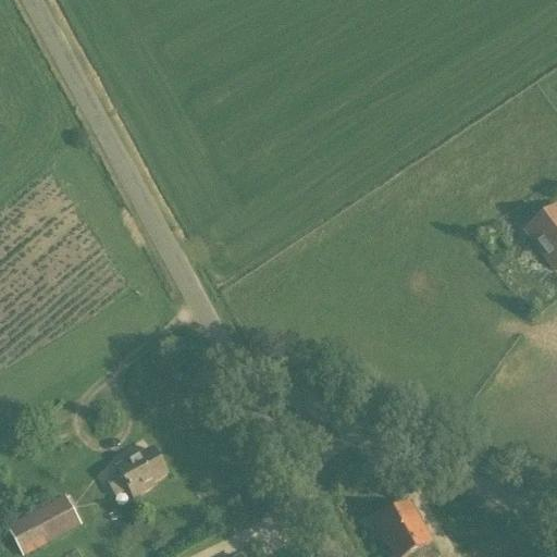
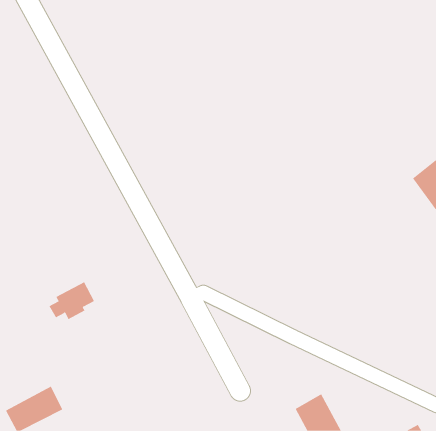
building: [108,446,166,495] -> [49,281,95,320]

